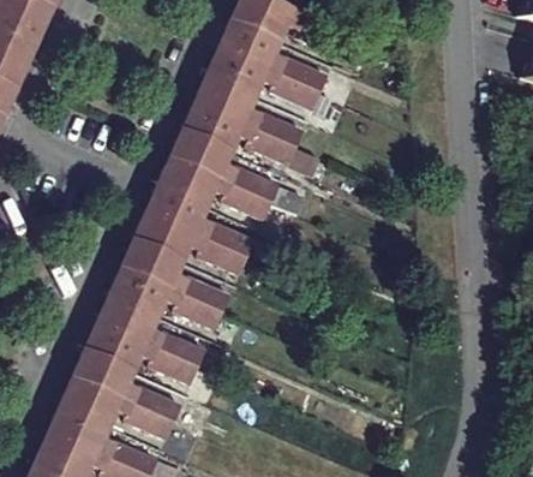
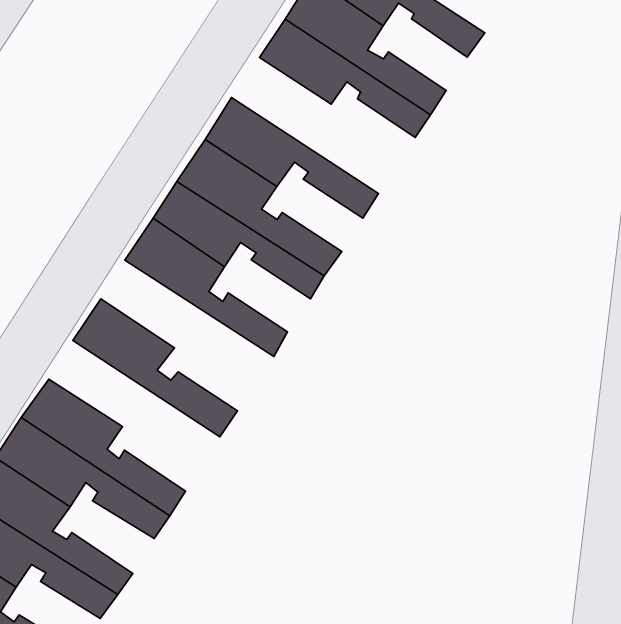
building: [193,74,301,147] -> none
building: [133,214,246,274] -> none
building: [109,269,221,329] -> none

